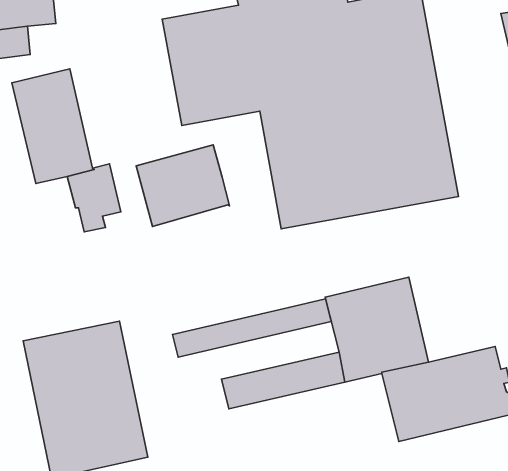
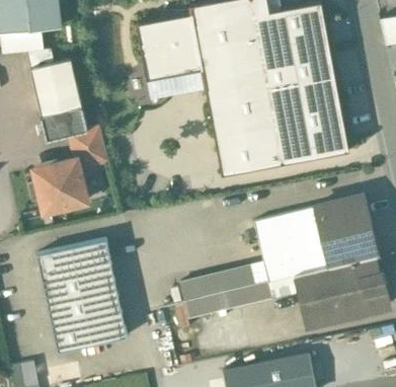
building: [136,145,230,227] -> none
building: none -> [33,158,87,212]
building: none -> [313,196,378,268]
building: [173,299,331,357] -> [184,277,298,318]

